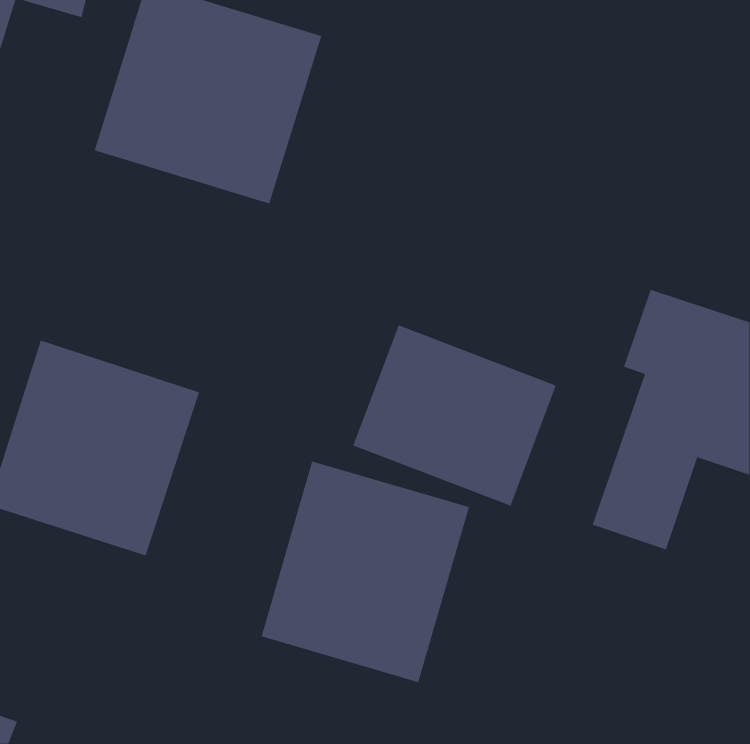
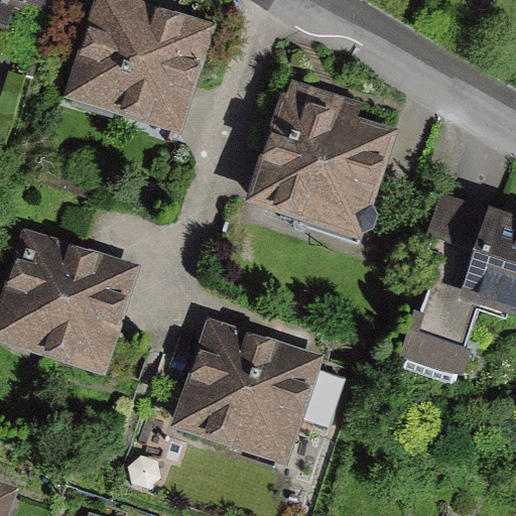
building: none -> [253,81,398,235]
building: [353,325,557,506] -> none

